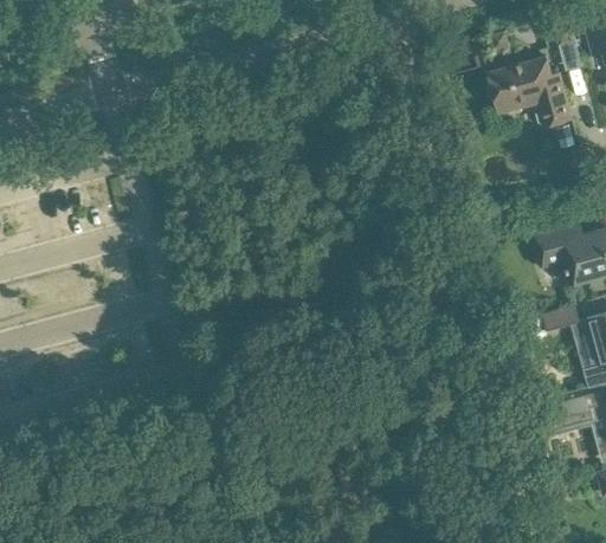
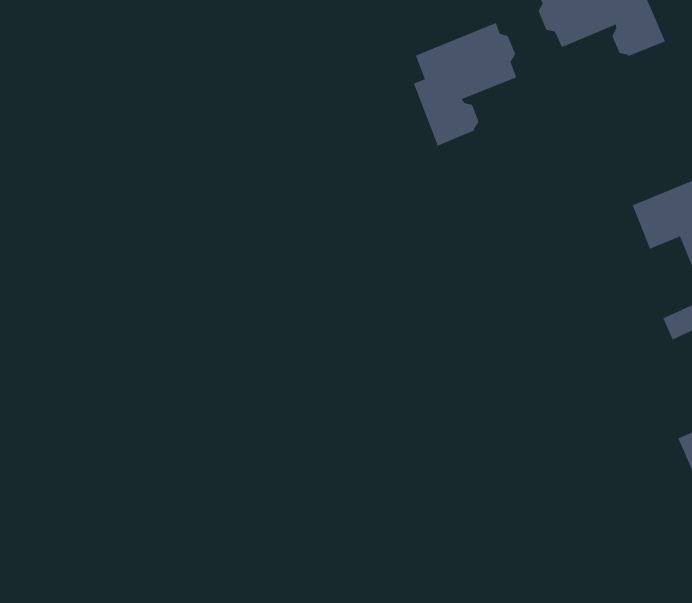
building: none -> [413,22,517,146]

